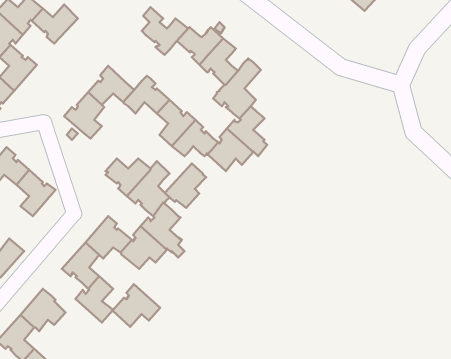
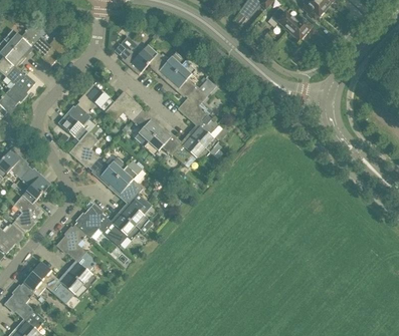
building: none -> [68,130,99,166]
building: [165,163,206,208] -> none
building: none -> [13,195,43,231]
building: [113,284,160,327] -> [49,269,87,303]

